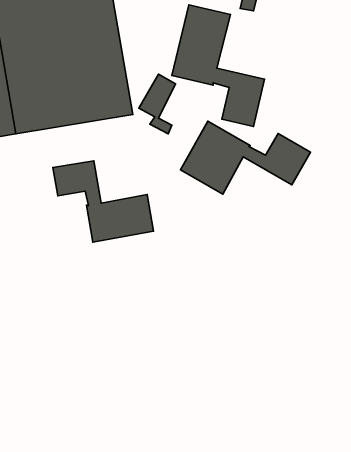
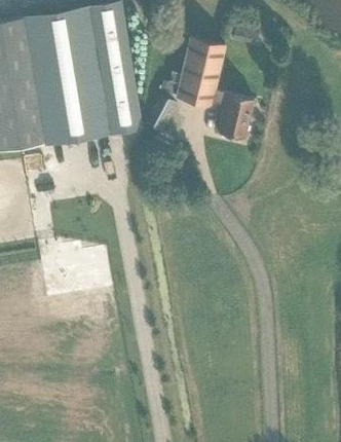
building: [180,121,311,194] -> none
building: [53,161,154,242] -> none

